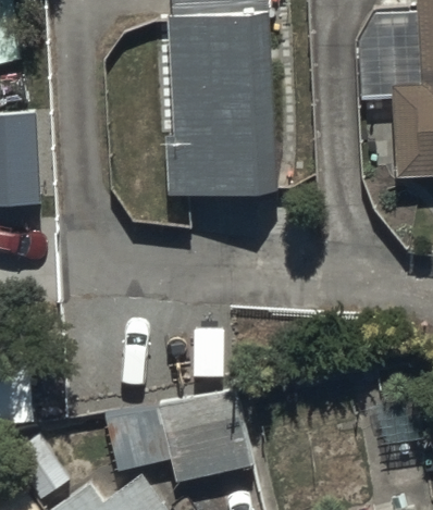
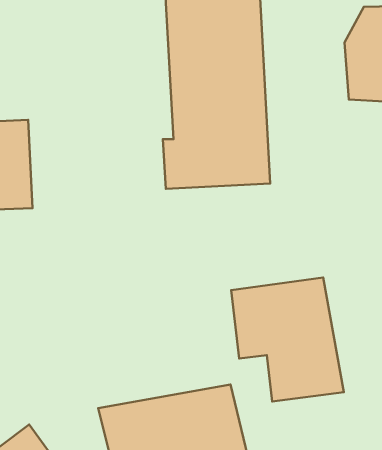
building: none -> [231,278,344,402]

